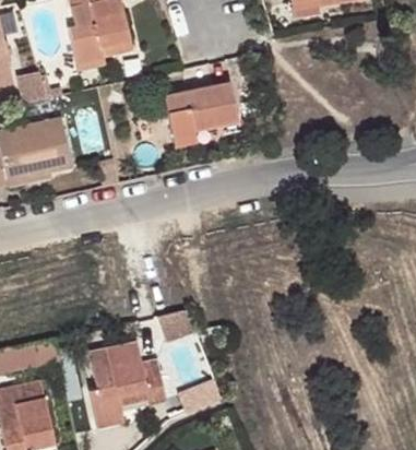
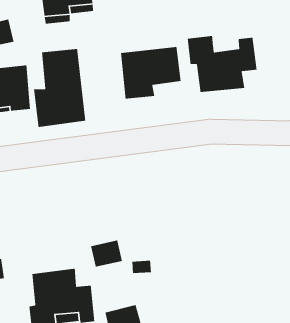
building: none -> [187,35,257,93]
building: none -> [33,48,86,128]

